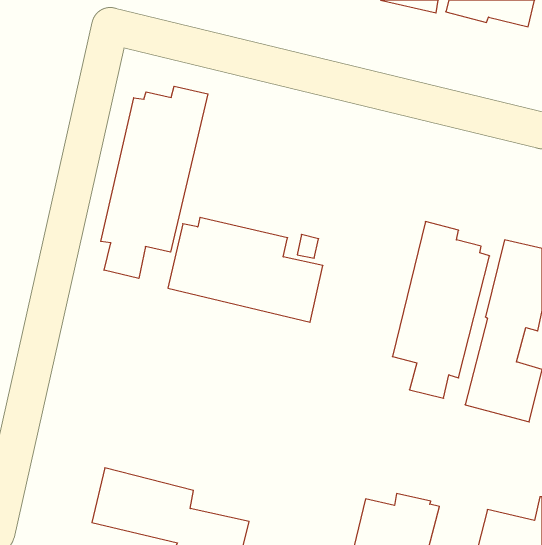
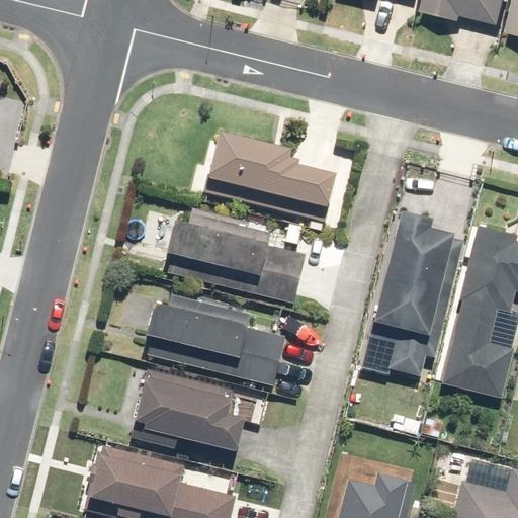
building: [101,86,208,278] -> none
building: none -> [205,126,336,206]
building: none -> [139,289,285,387]
building: none -> [133,368,246,451]

